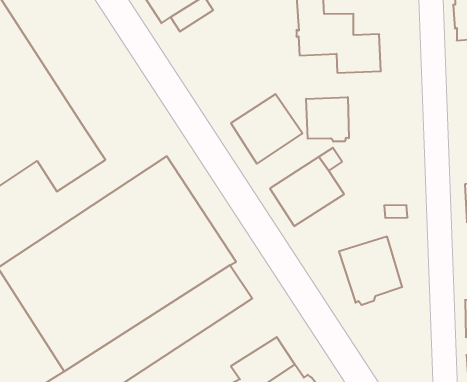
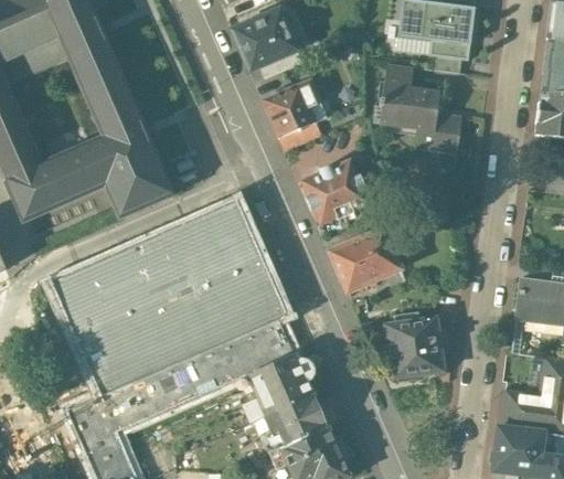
building: none -> [265,78,319,137]
building: [306,97,349,142] -> none
building: none -> [242,359,312,424]

